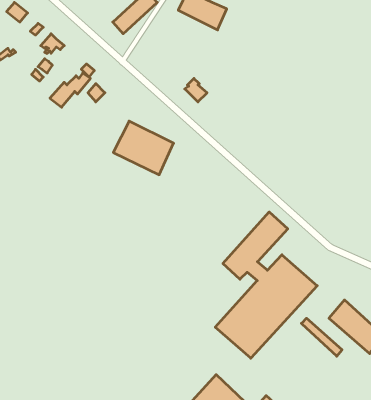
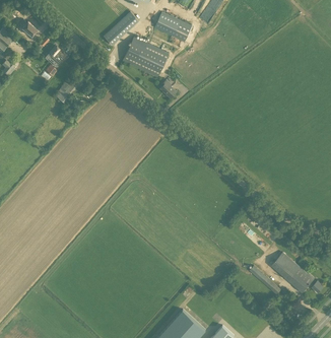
building: [113,121,174,175] -> [121,36,168,77]
building: [215,212,317,358] -> none

